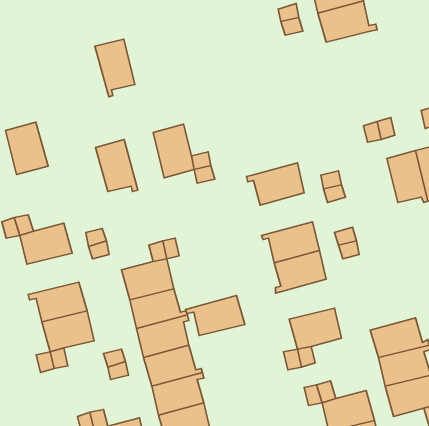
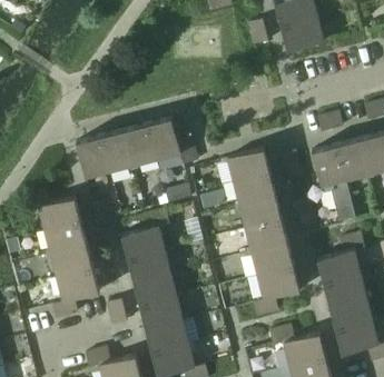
building: [95,39,135,97] -> [124,125,156,171]
building: [6,122,48,174] -> [76,137,110,179]
building: none -> [312,146,354,222]
building: none -> [234,173,276,208]
building: none -> [45,222,87,256]
building: none -> [317,235,364,285]
building: [186,296,245,335] -> [246,244,294,276]

